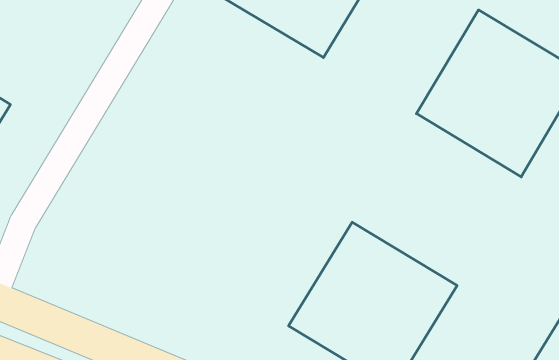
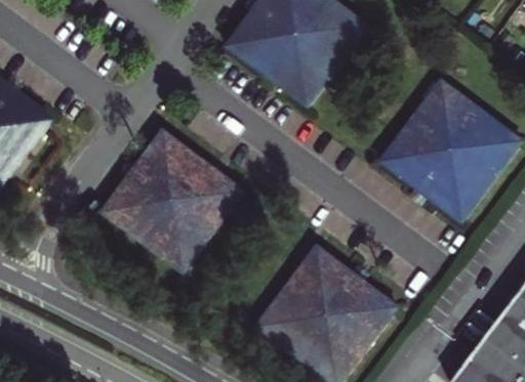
building: none -> [105,129,245,270]

